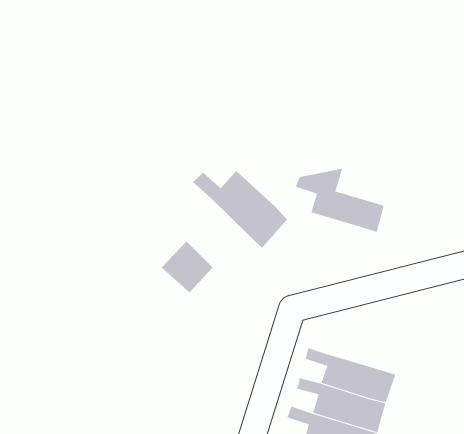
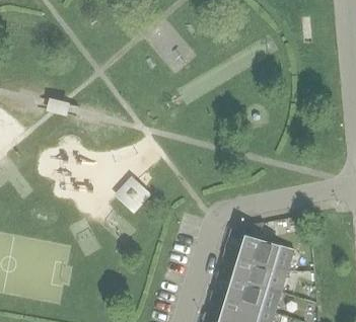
building: [295,168,385,233] -> [228,223,292,268]
building: [192,170,288,249] -> none

